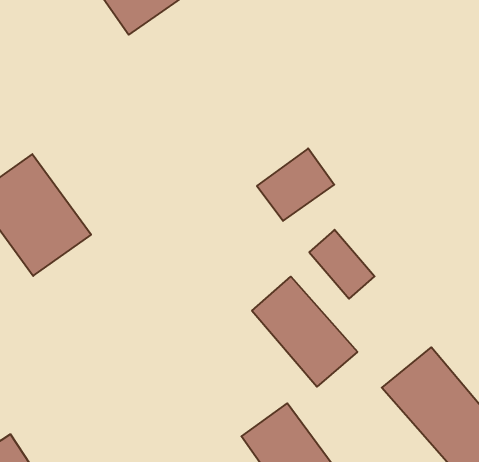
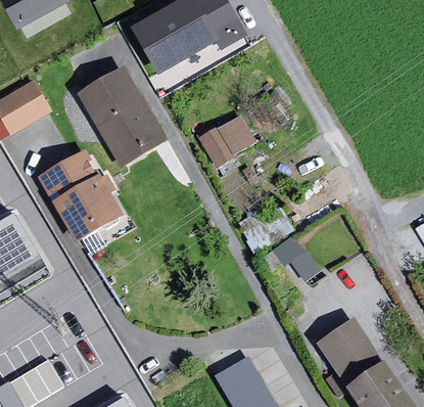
building: none -> [77,70,166,170]
building: [257,148,334,221] -> [200,116,255,166]
building: [252,277,357,387] -> none

